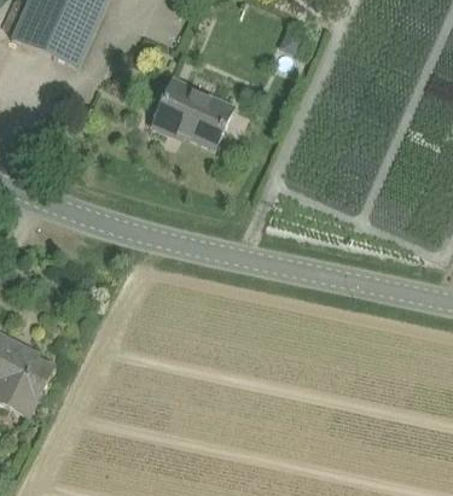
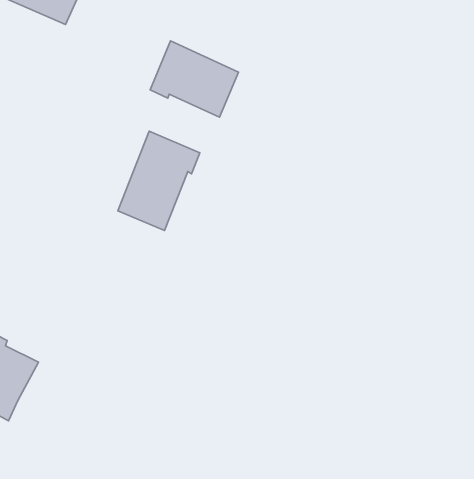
building: none -> [118,131,200,230]

